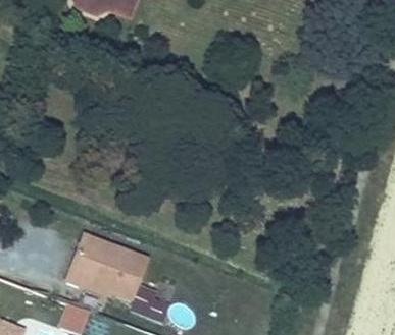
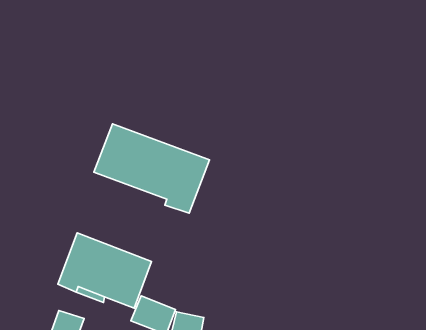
building: none -> [94,124,209,213]

